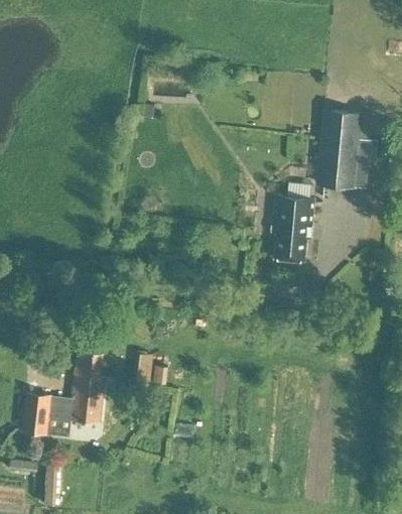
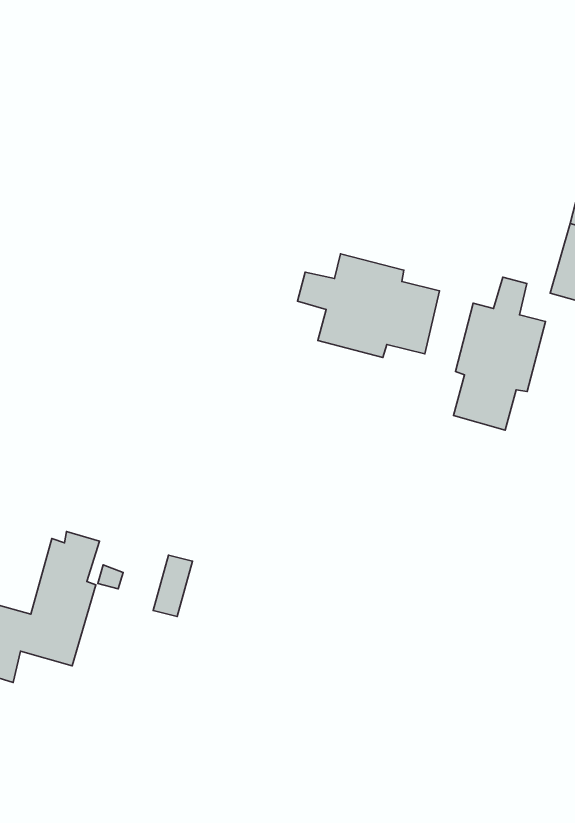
building: none -> [297,254,440,358]

